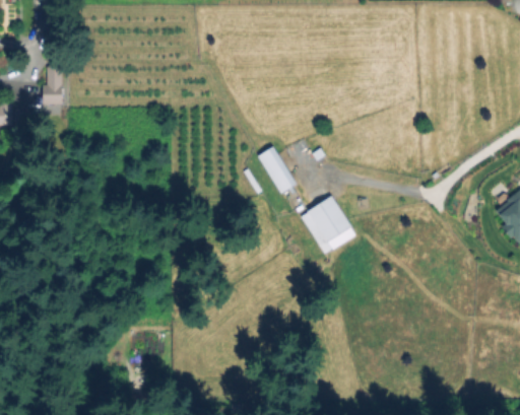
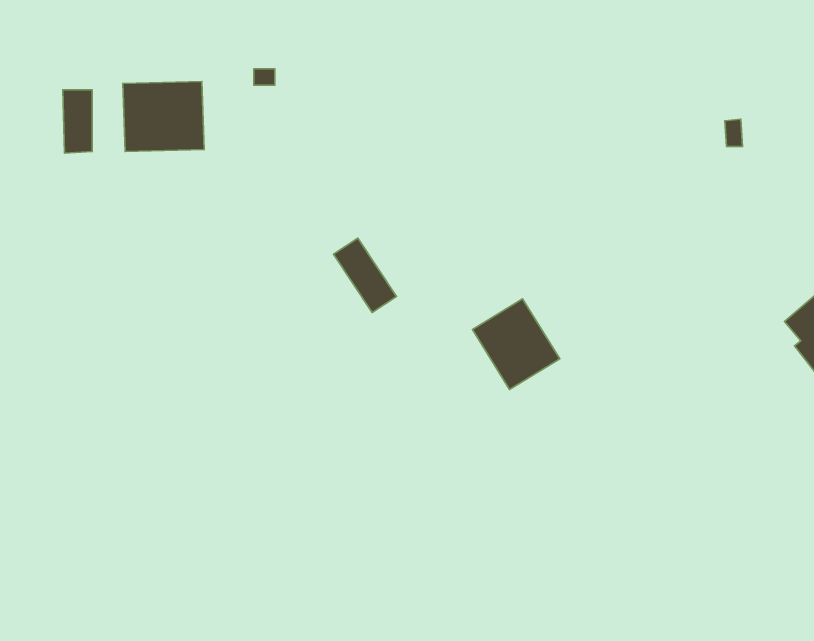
building: none -> [123,81,204,152]
building: [256,146,296,193] -> [333,238,397,313]

